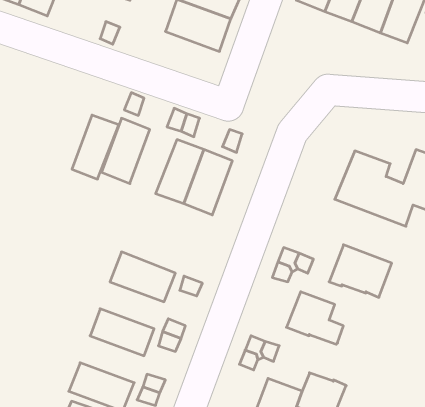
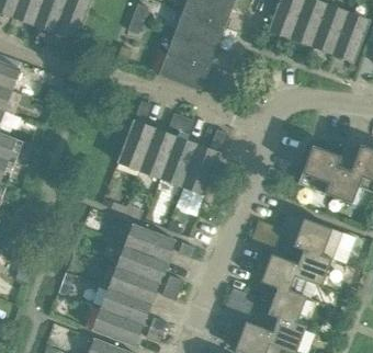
building: none -> [158,53,208,90]
building: [72,115,119,179] -> [139,128,176,178]
building: none -> [116,246,166,282]
building: none -> [293,248,331,286]
building: none -> [268,286,306,322]
building: none -> [101,287,150,323]

